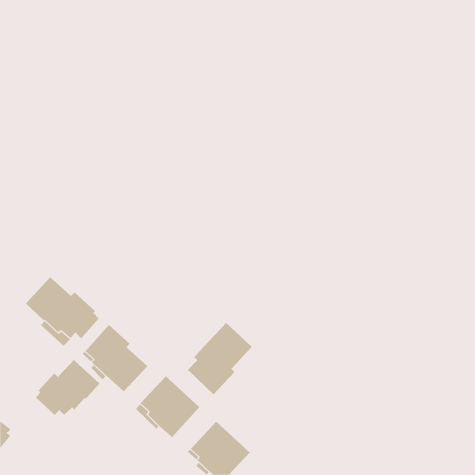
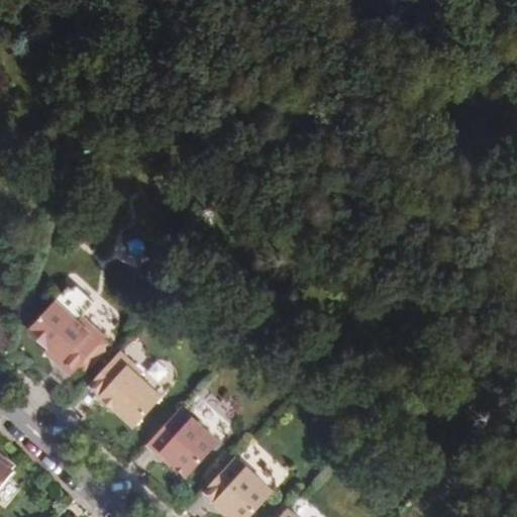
building: [187,322,253,395] -> none
building: [35,359,100,416] -> none

